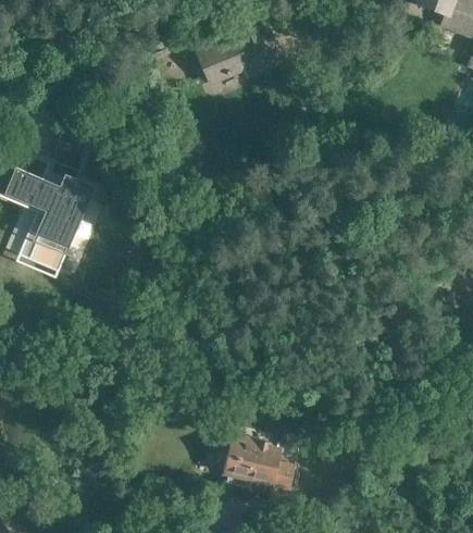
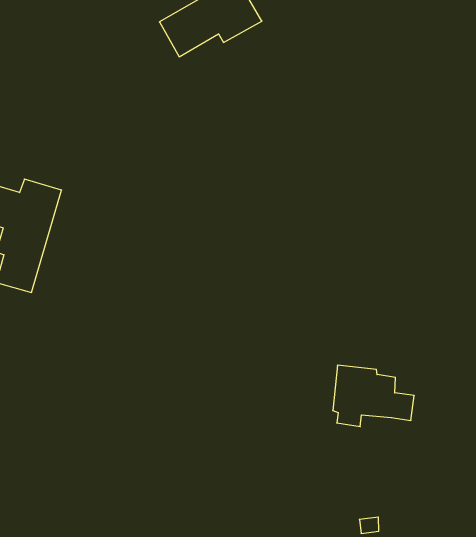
building: [223,433,294,487] -> [333,365,414,427]

